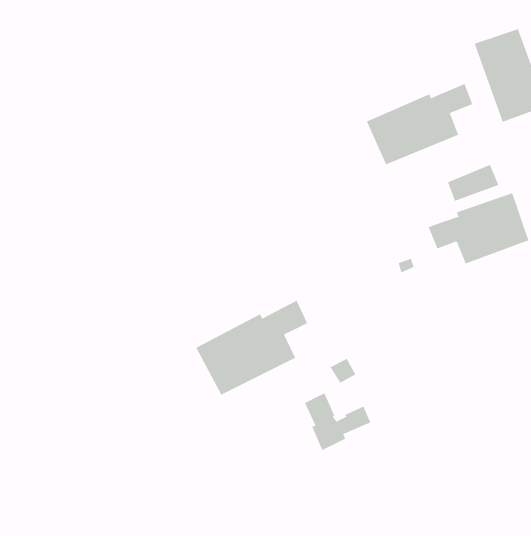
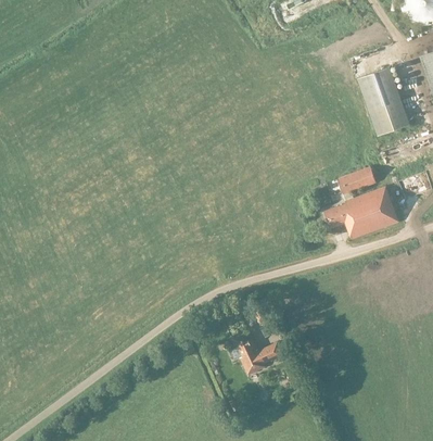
building: [366,83,473,165] -> none
building: [195,300,308,396] -> none

